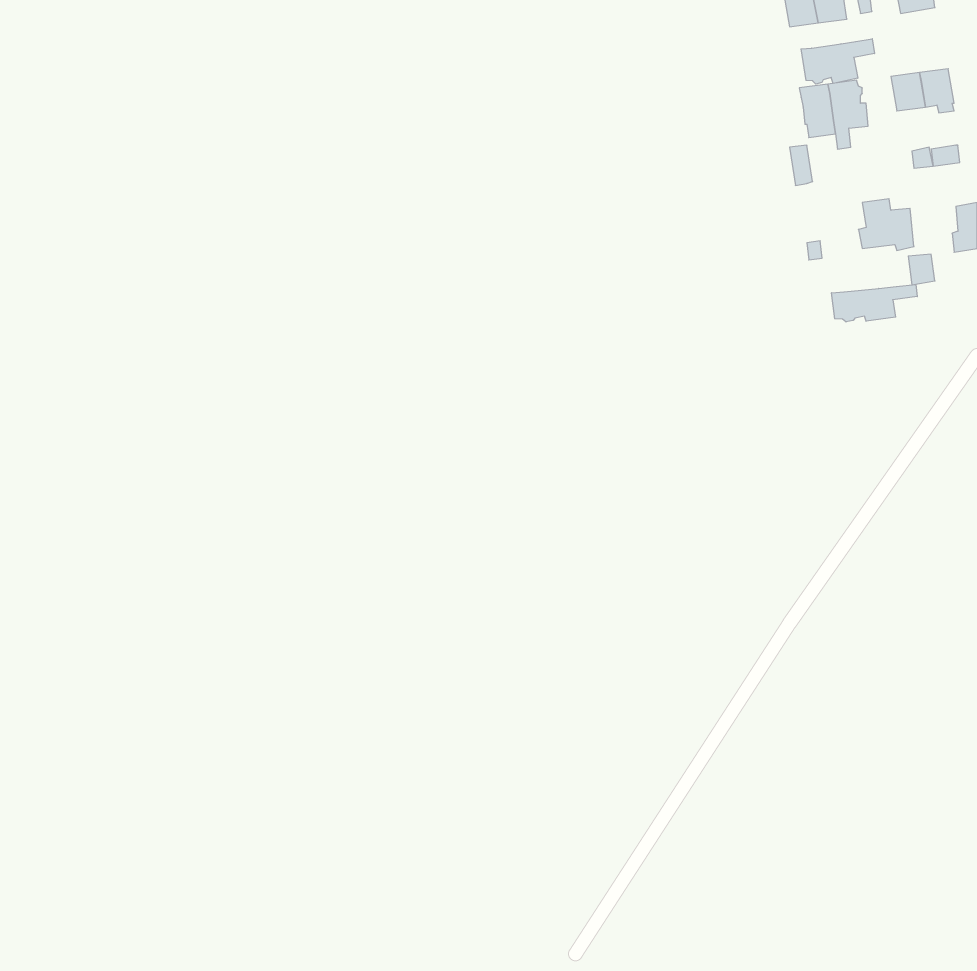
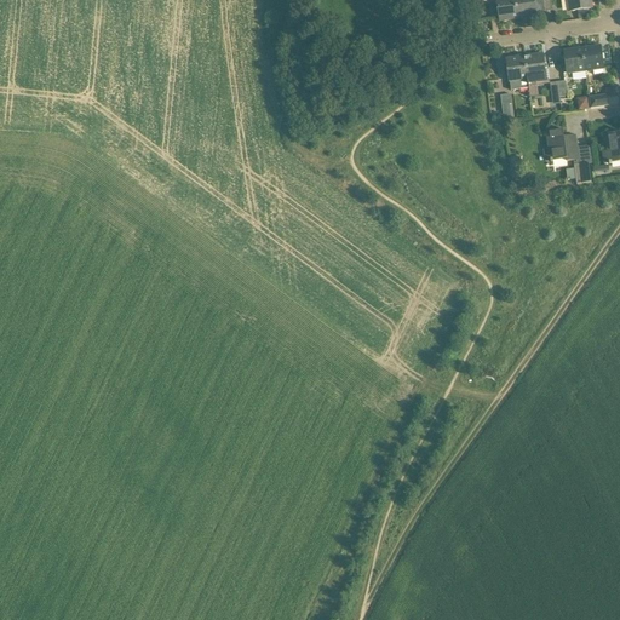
building: [801,39,874,84] -> none
building: [832,284,917,322] -> none

